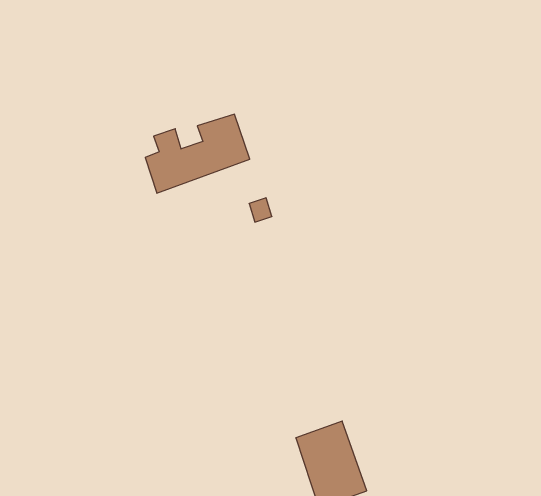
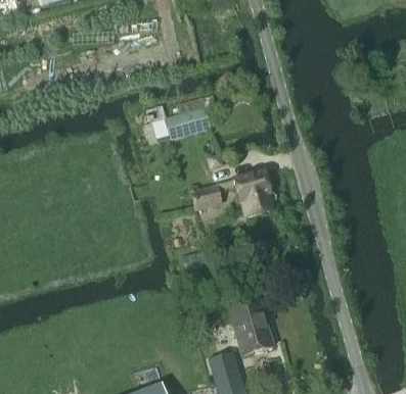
building: none -> [192,174,272,218]

